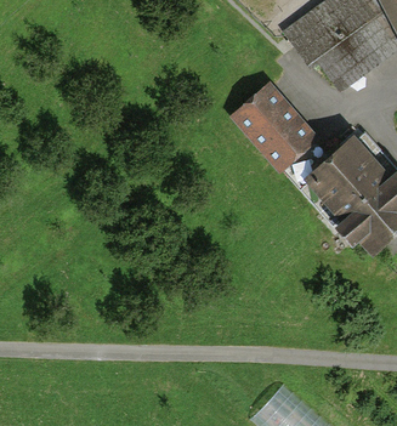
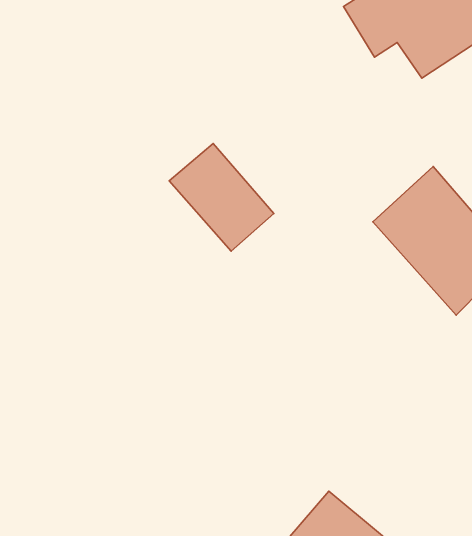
building: [240,86,318,166] -> [169,143,274,251]

